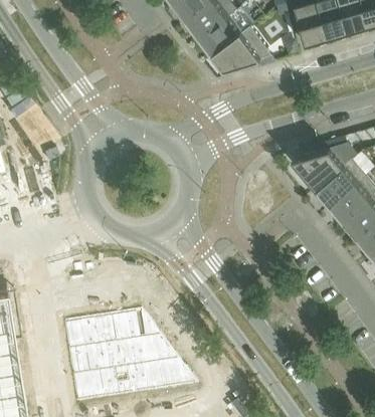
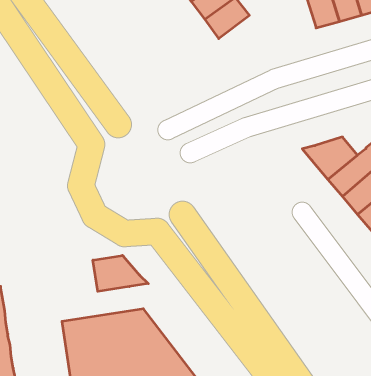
building: [212,28,270,70] -> none
building: none -> [93,255,148,291]

